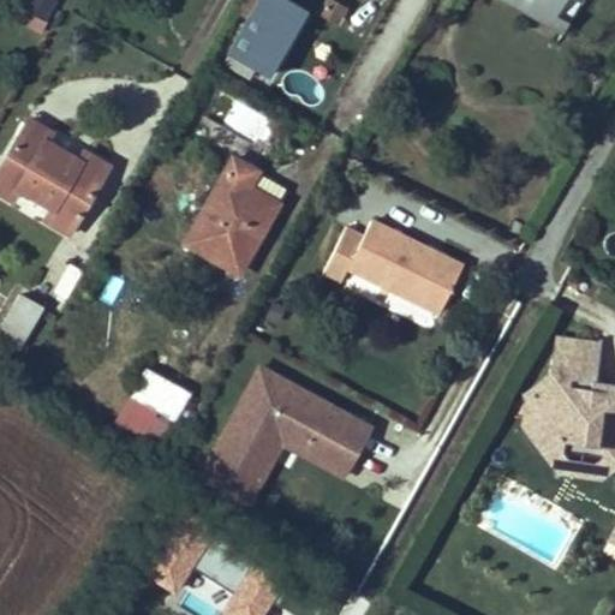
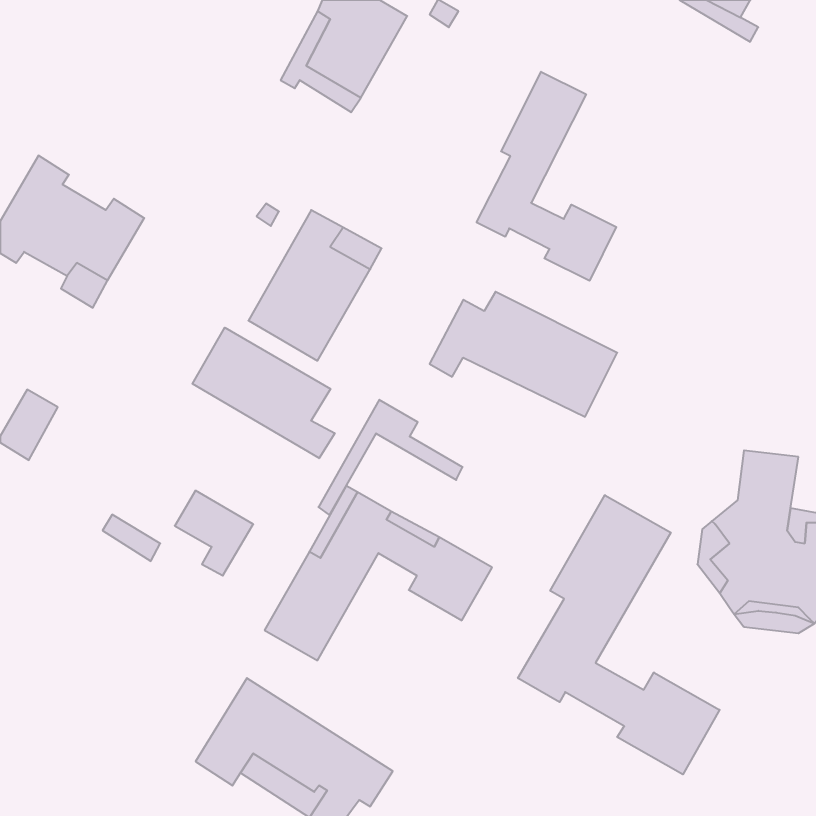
building: none -> [477,72,616,281]
building: none -> [192,328,335,458]
building: none -> [518,495,720,774]
building: [240,417,348,503] -> [318,400,463,515]

